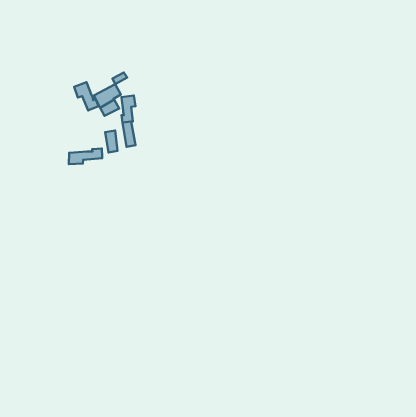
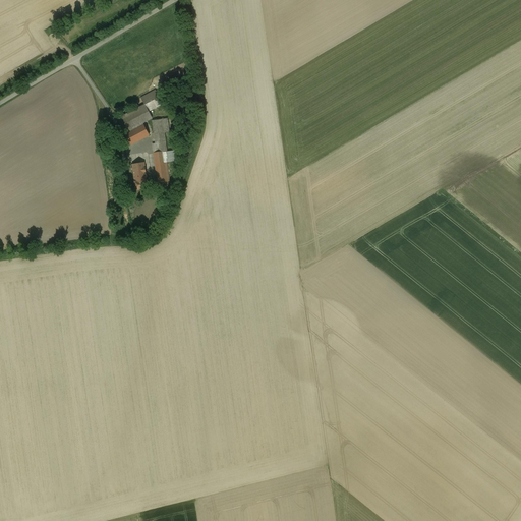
building: [74,82,98,111] -> none
building: [69,148,102,164] -> none

